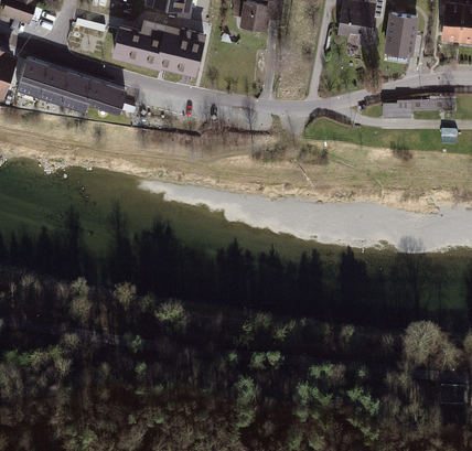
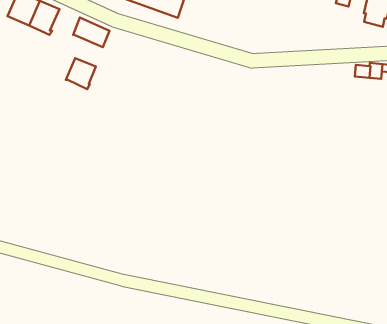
building: [63,76,93,107] -> [66,58,96,89]

